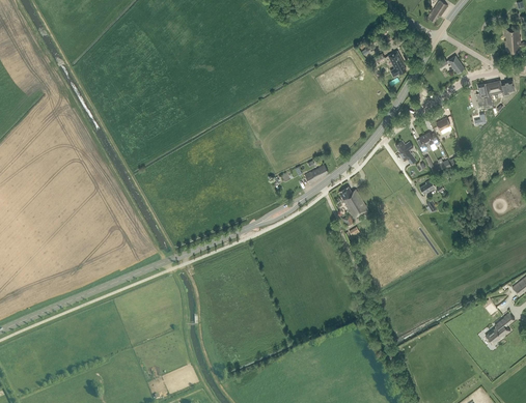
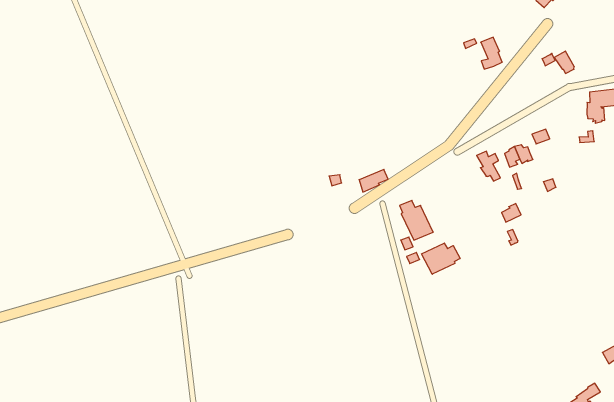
building: none -> [422,243,460,274]

